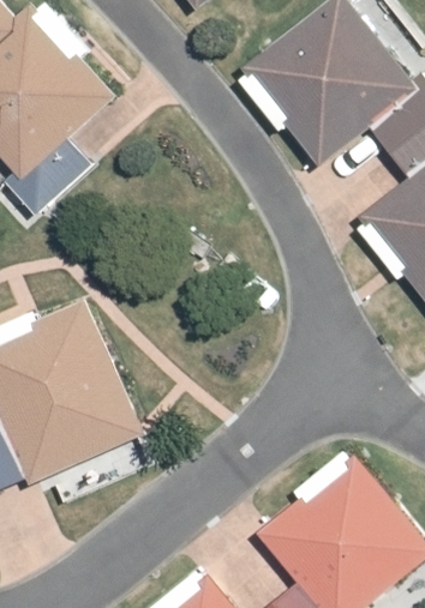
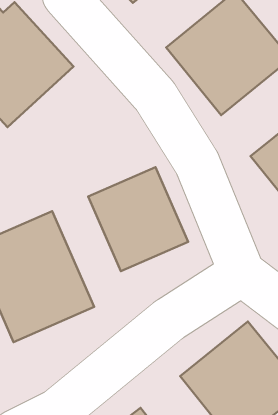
building: none -> [88,167,188,271]

